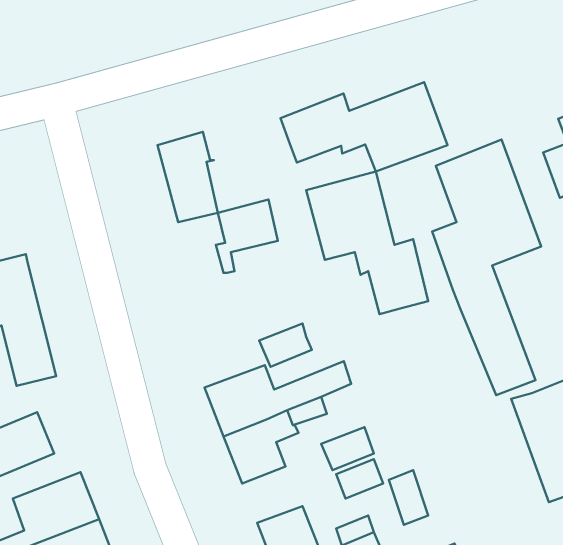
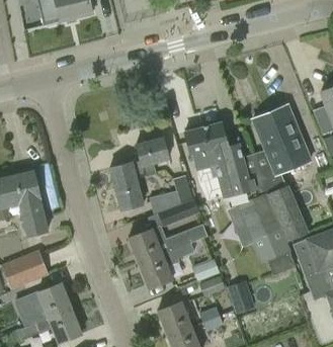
building: [280,82,447,171] -> none
building: [158,132,218,222] -> [110,161,143,209]
building: none -> [234,154,296,275]
building: none -> [150,176,193,214]

